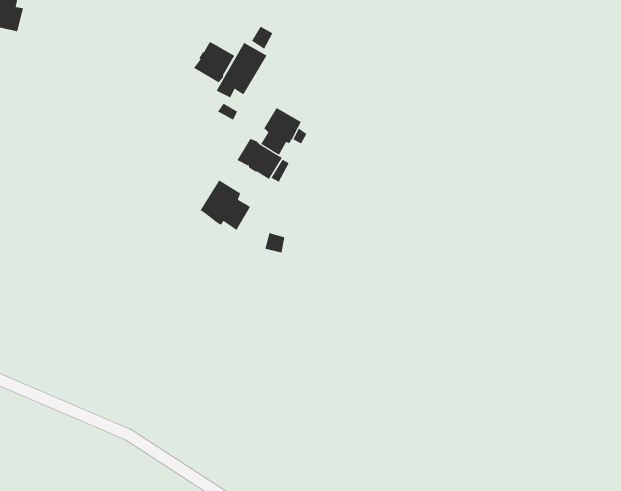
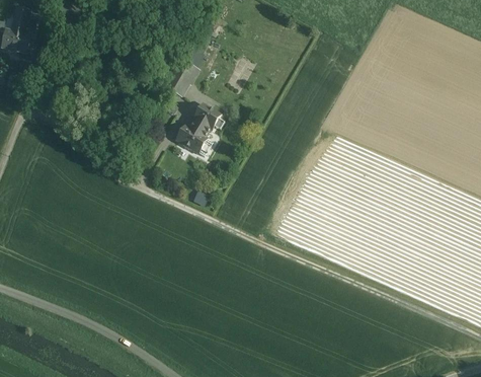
building: [193,41,235,83] -> none
building: [200,180,251,231] -> none

